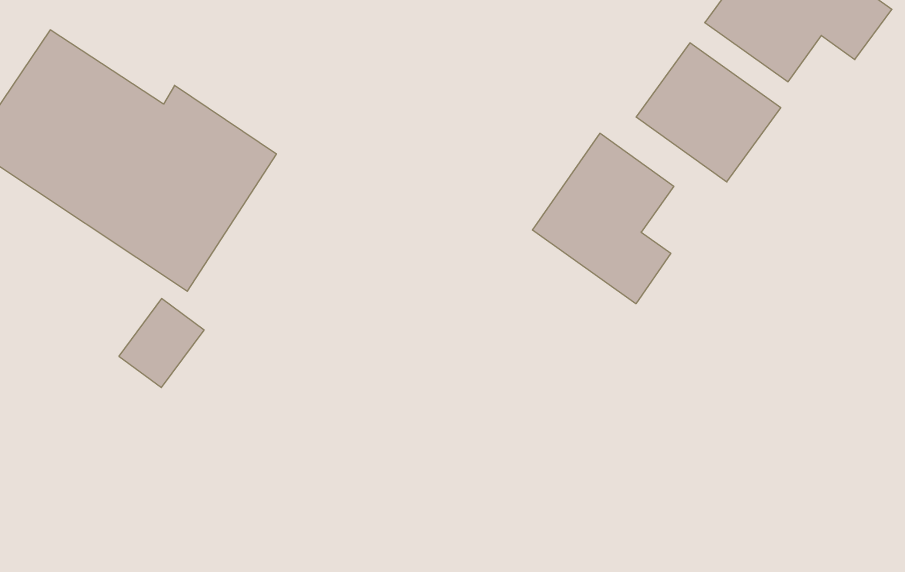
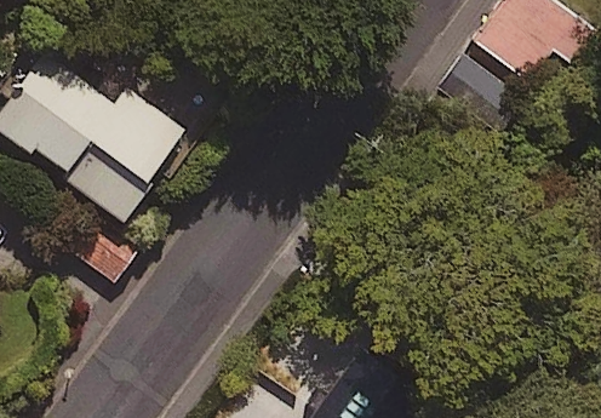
building: [532,133,674,304] -> none

